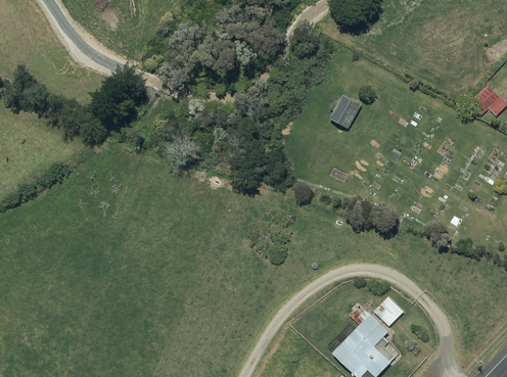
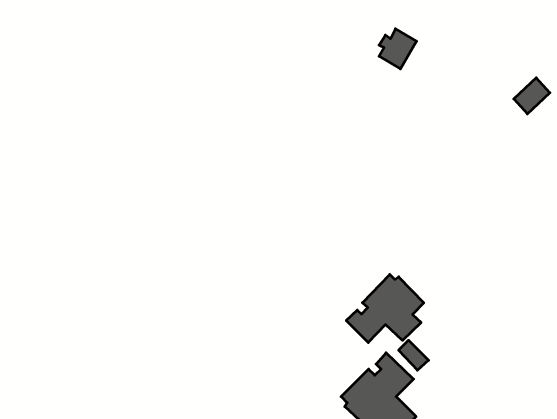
building: [330,95,361,128] -> [379,29,417,69]
building: none -> [346,274,424,343]

